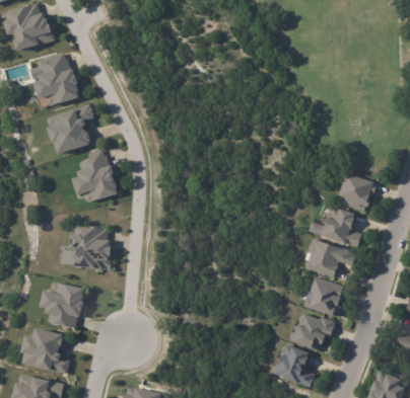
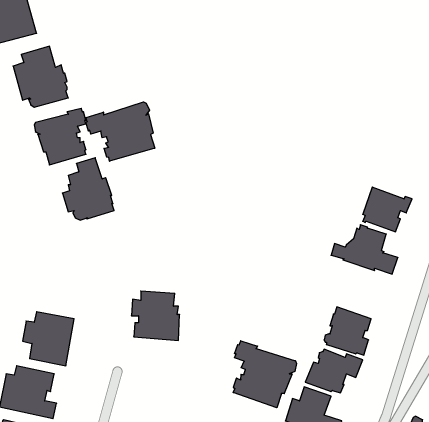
building: none -> [86,102,155,161]
building: [70,224,112,266] -> [131,291,180,340]
building: [301,239,356,278] -> none
building: none -> [233,341,297,408]

